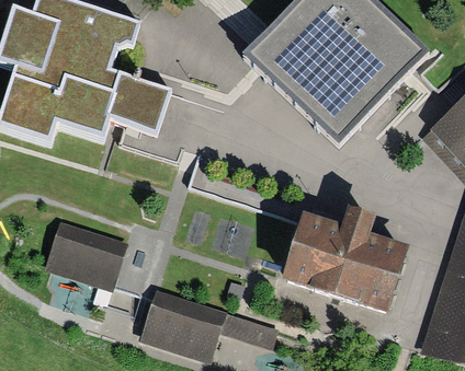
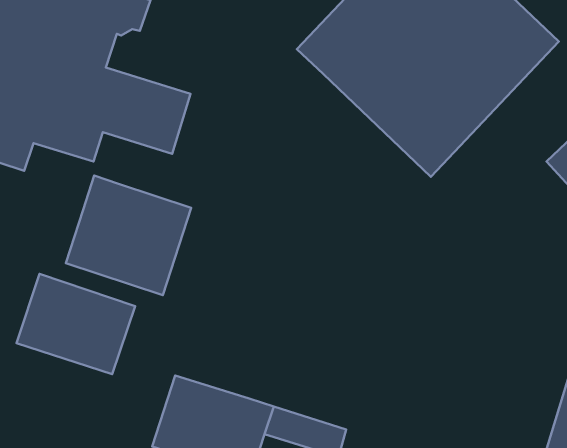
building: none -> [66,176,191,295]
building: [283,209,411,315] -> none

